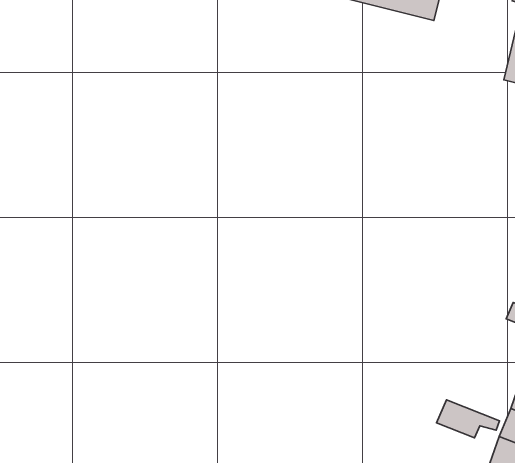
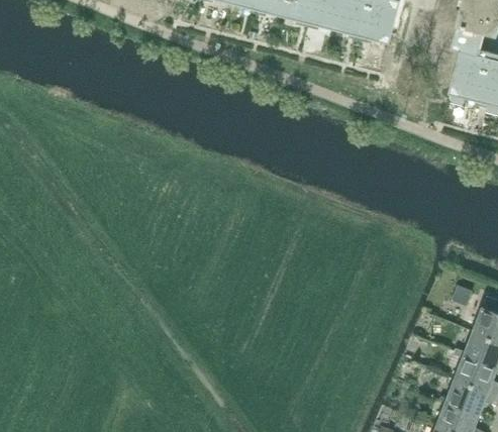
building: [436,400,500,438] -> none

